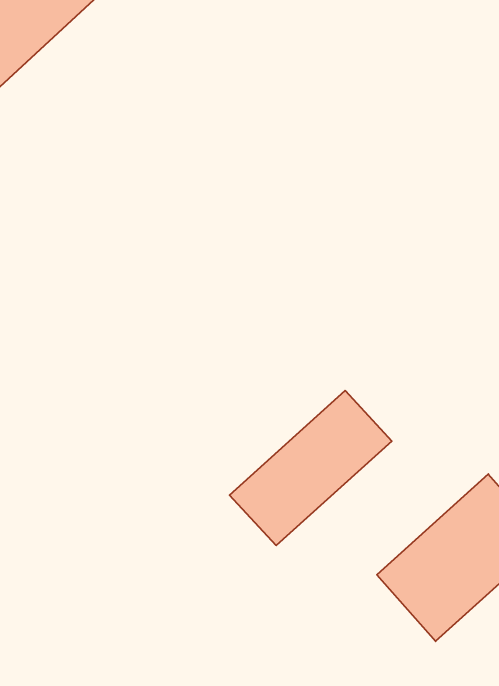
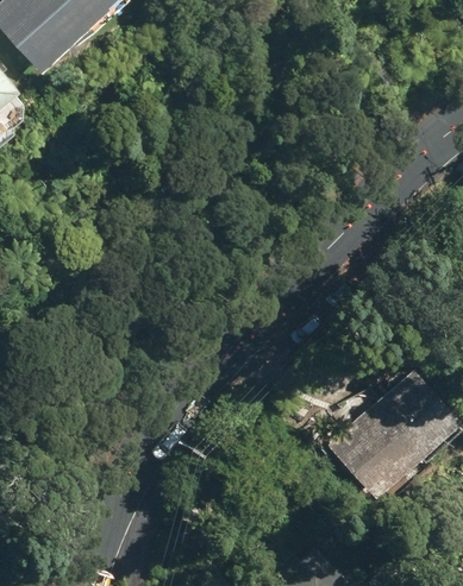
building: [230,391,392,545] -> none

